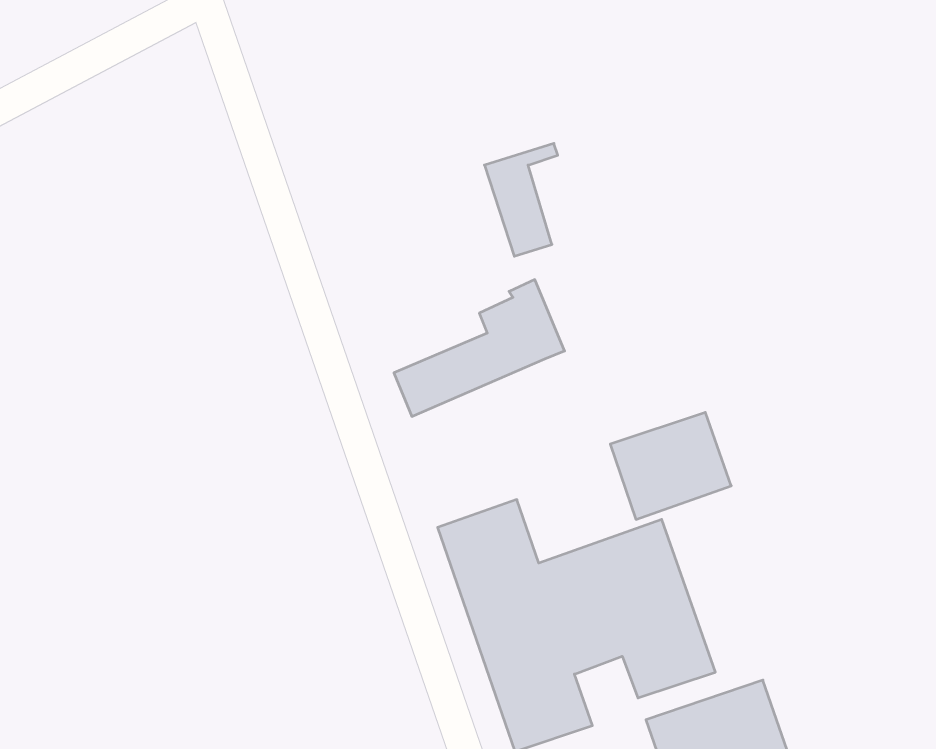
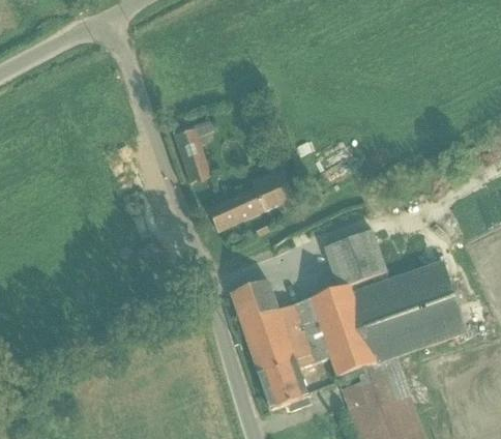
building: [484,143,558,256] -> [175,123,213,182]
building: none -> [353,259,467,362]

